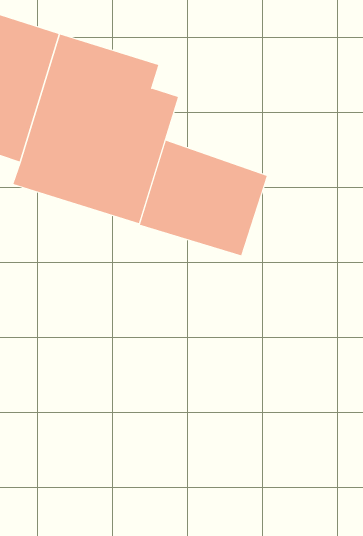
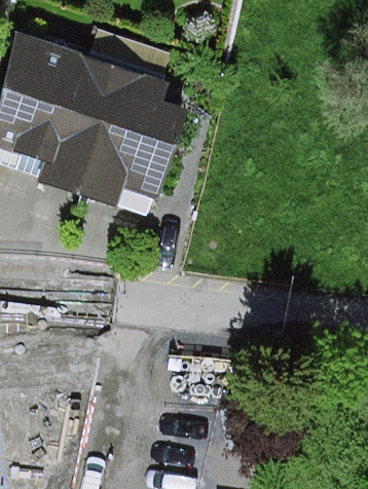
building: [139,140,267,256] -> none

